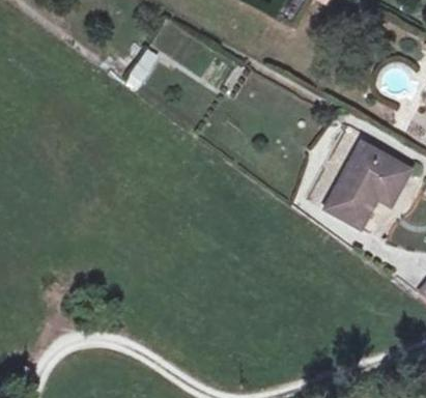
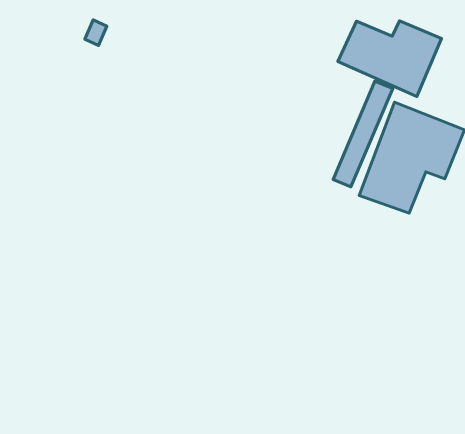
building: none -> [338,21,441,96]

